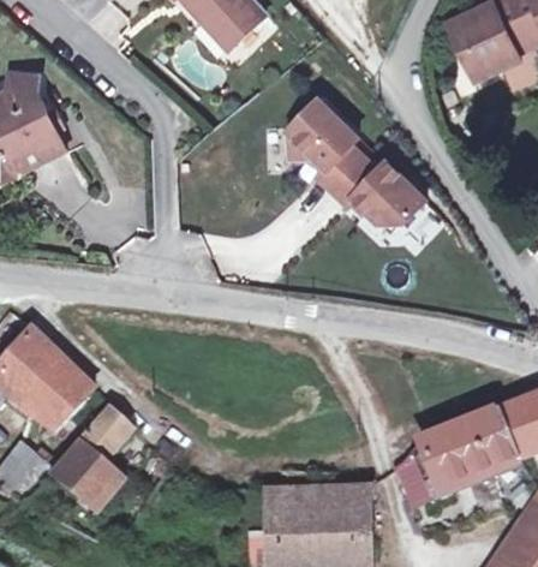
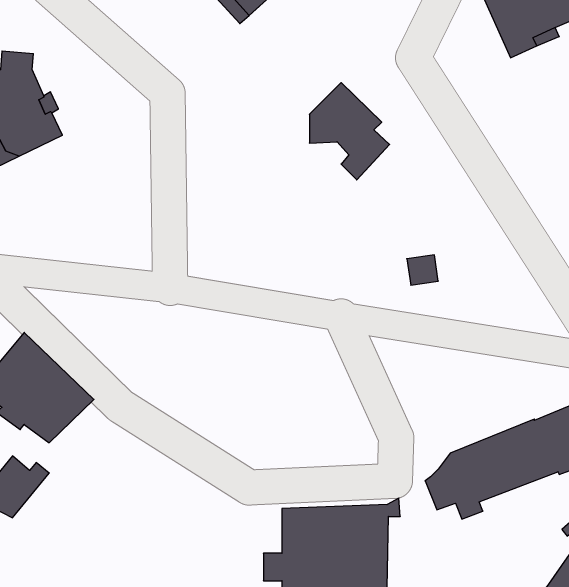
building: [333,159,423,222] -> none
building: [47,406,130,512] -> none

